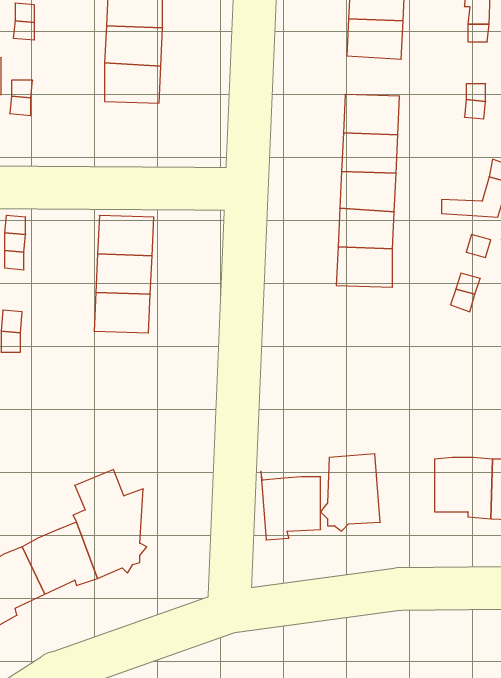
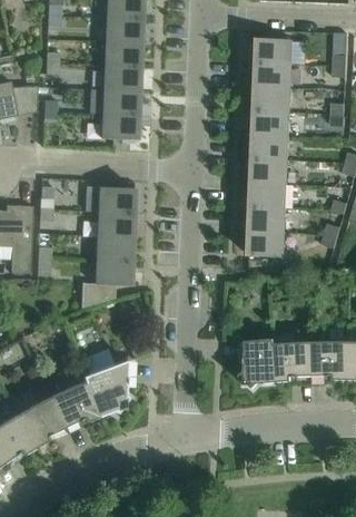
building: none -> [255,85,290,110]
building: none -> [101,114,137,139]
building: none -> [249,231,285,256]
building: none -> [80,260,130,306]
building: [261,471,321,540] -> [274,338,312,381]

